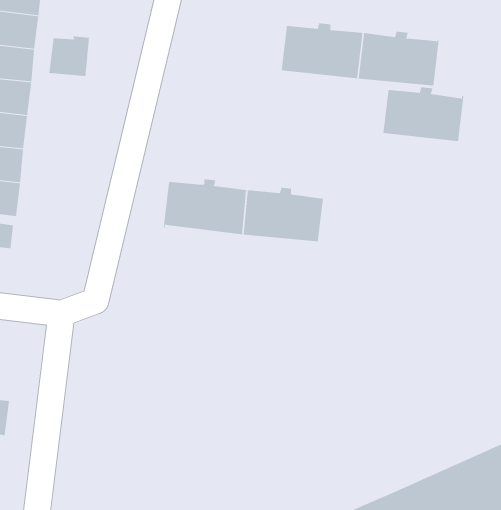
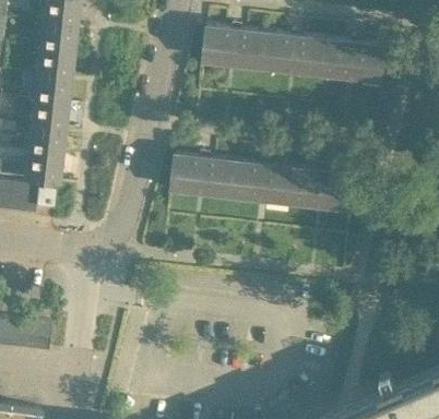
building: none -> [192,29,266,73]
building: [49,35,90,77] -> none
building: [383,87,464,144] -> [292,170,355,215]

